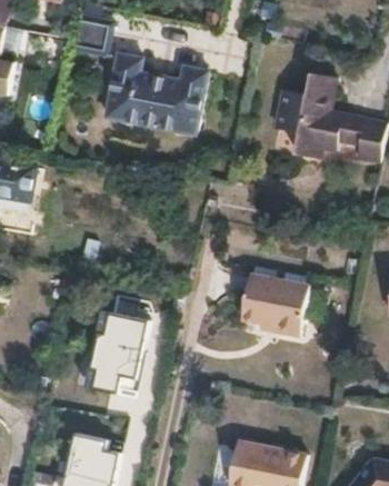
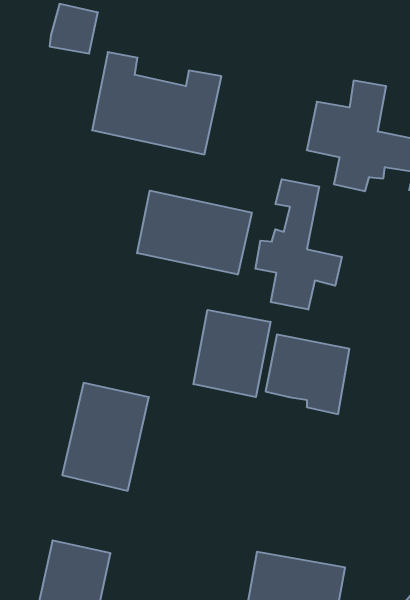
building: none -> [255,179,342,310]
building: none -> [137,191,252,275]
building: none -> [193,310,271,397]

